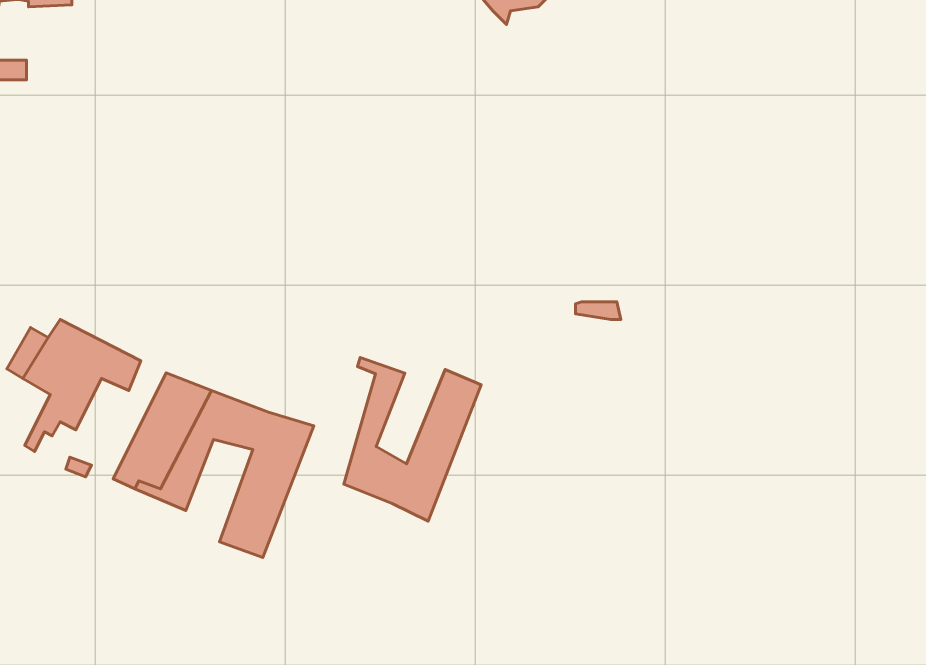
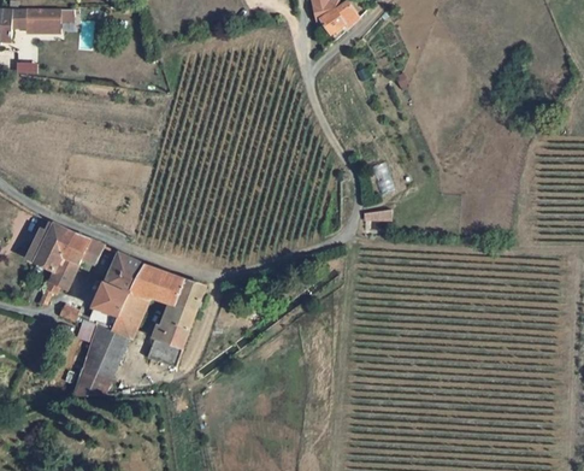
building: [344,358,481,521] -> none
building: none -> [71,324,130,393]

